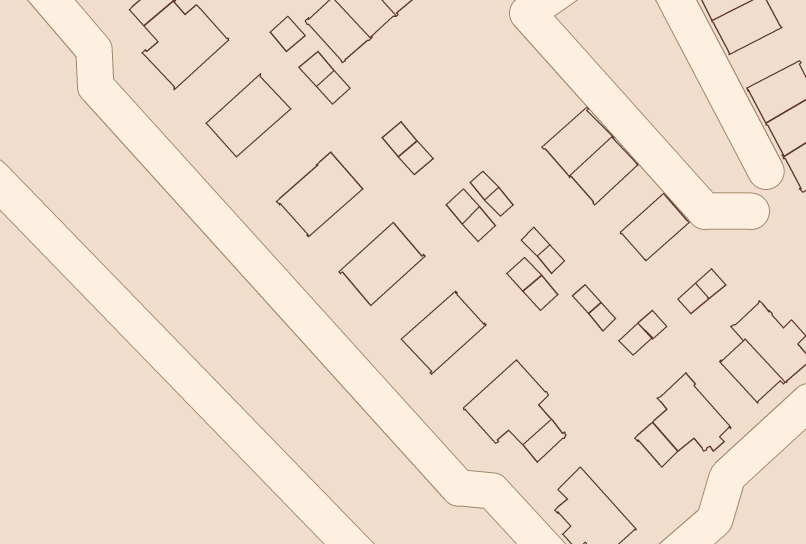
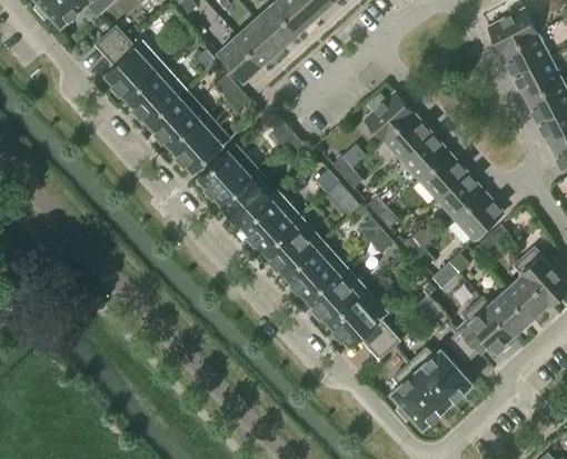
building: none -> [513,58,561,100]
building: none -> [127,67,187,124]
building: none -> [364,92,414,141]
building: none -> [170,114,230,172]
building: none -> [419,153,467,200]
building: none -> [220,170,279,228]
building: none -> [455,193,504,241]
building: none -> [263,217,322,275]
building: none -> [306,265,365,322]
building: none -> [488,290,533,336]
building: none -> [409,349,472,407]

